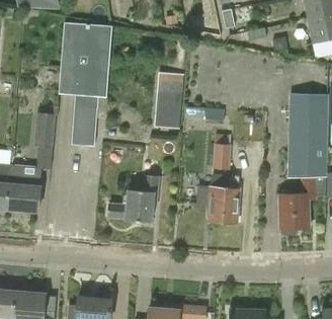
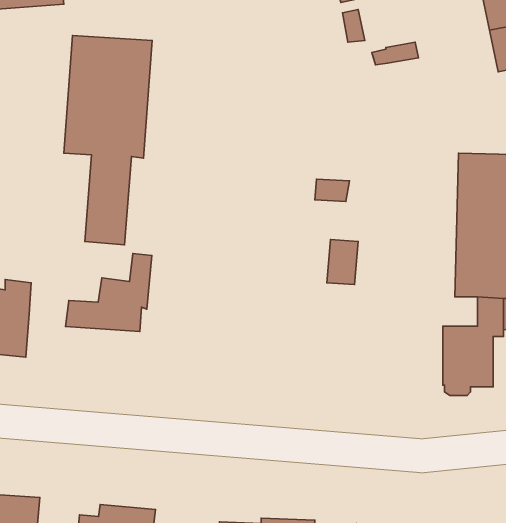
building: [155,71,183,128] -> none
building: [32,111,56,146] -> none
building: [209,172,240,222] -> none
building: [108,176,159,222] -> [65,254,152,332]

